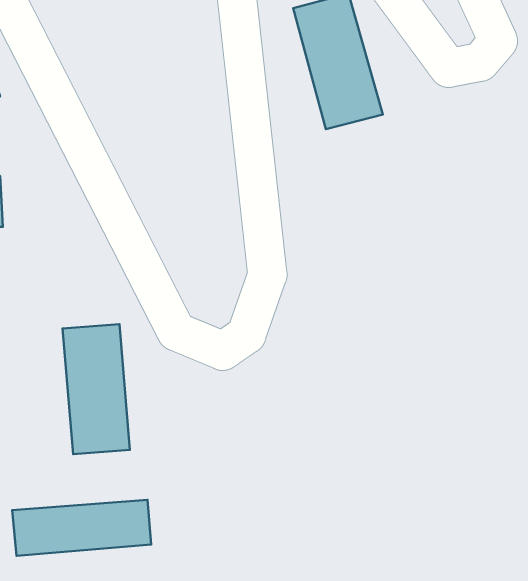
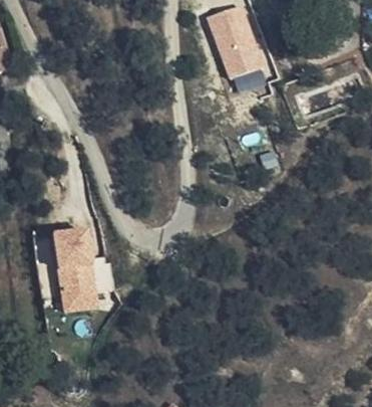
building: [12,500,151,556] -> none

